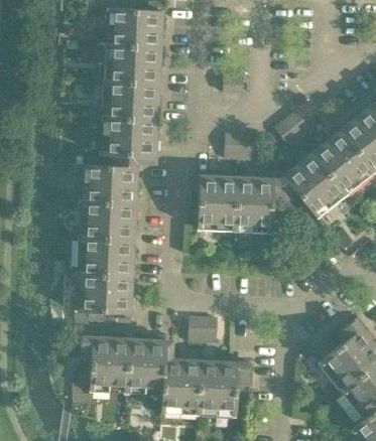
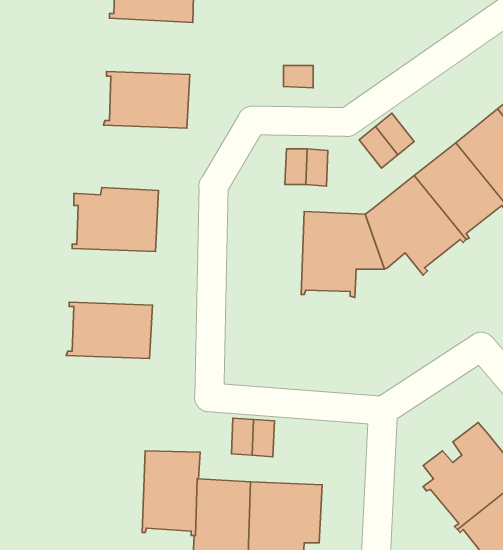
building: [103,45,161,84] -> none
building: [83,118,157,165] -> none
building: [191,174,237,233] -> none
building: [78,201,136,240] -> none
building: [75,274,132,321] -> none
building: [79,335,129,394] -> none

